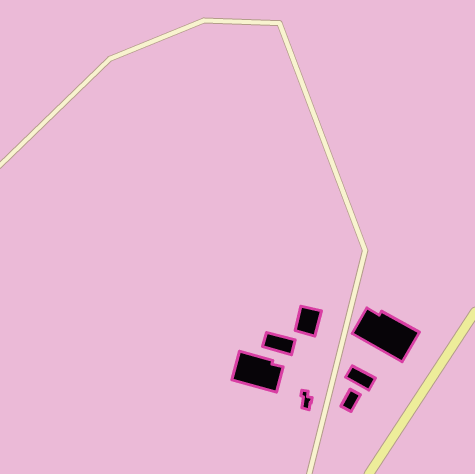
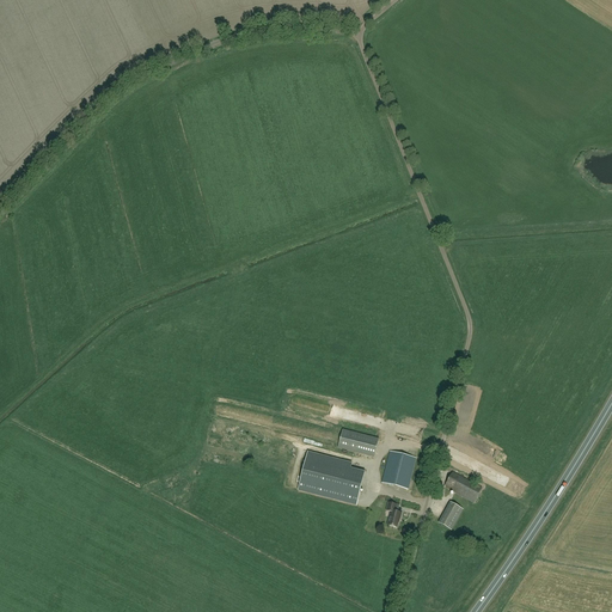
building: [295,306,321,336] -> [381,449,415,488]
building: [352,308,419,362] -> none

